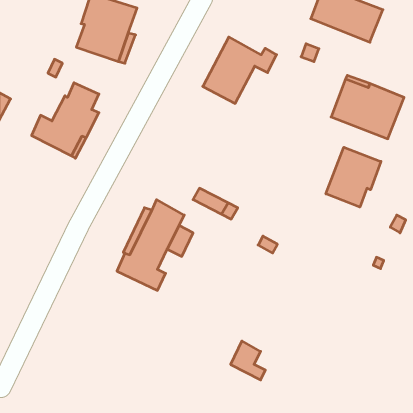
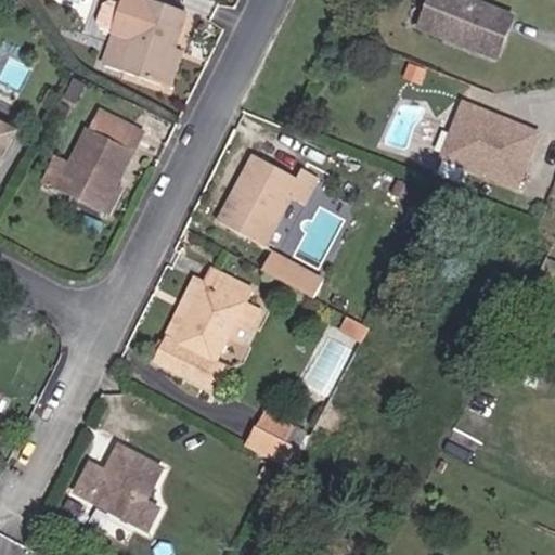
building: [203,37,277,103] -> [217,153,315,242]
building: [326,147,381,207] -> none
building: none -> [75,447,158,528]
building: [231,341,265,380] -> [248,412,295,464]

